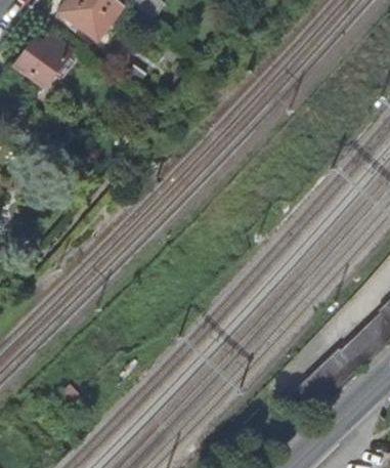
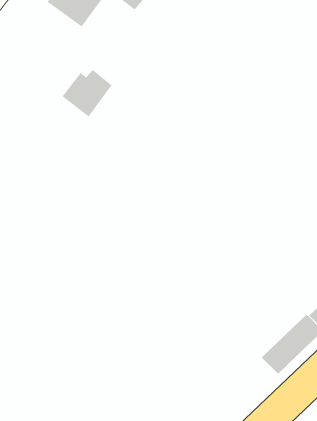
building: [12,36,68,88] -> [61,69,113,117]

